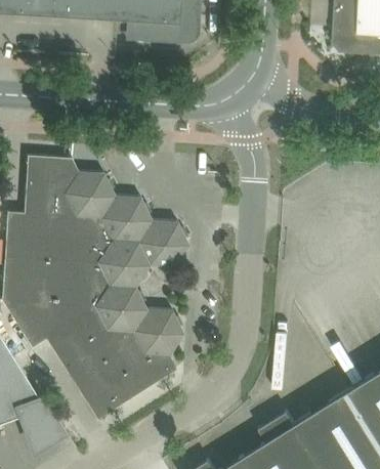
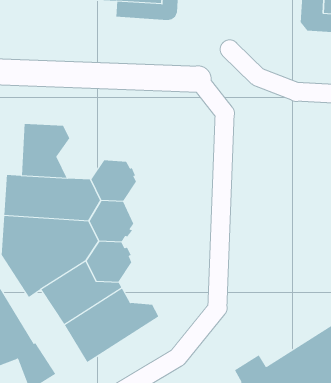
building: [64,171,115,216] -> none
building: [137,219,188,266] -> none
building: [132,308,183,354] -> none

